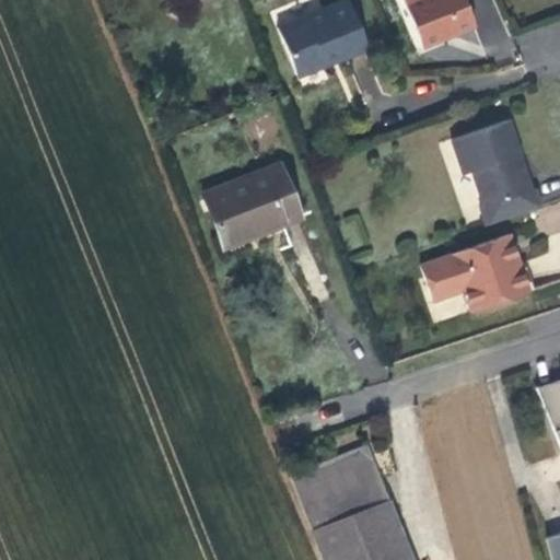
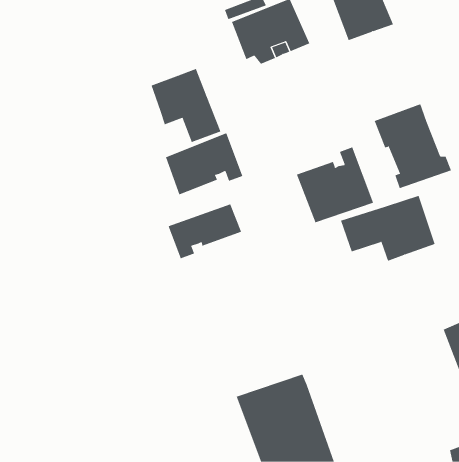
building: none -> [151,68,221,143]
building: none -> [296,146,374,223]
building: none -> [168,204,242,259]

